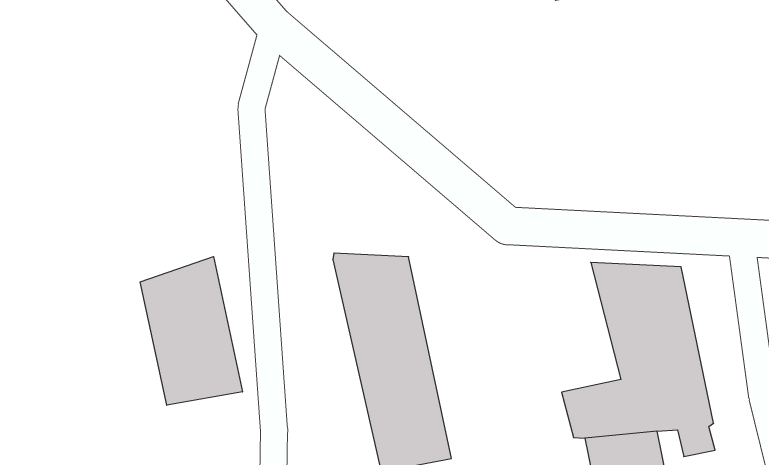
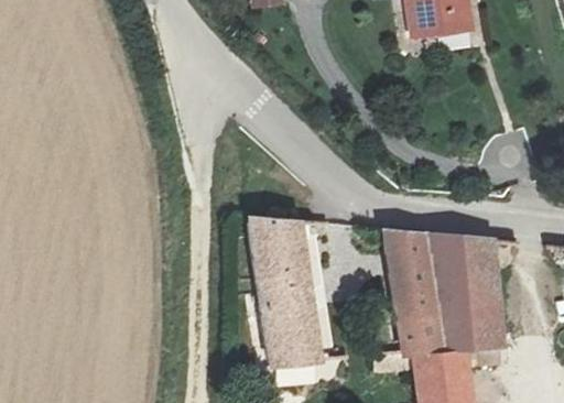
building: [140,257,242,405] -> none
building: none -> [382,226,442,320]

